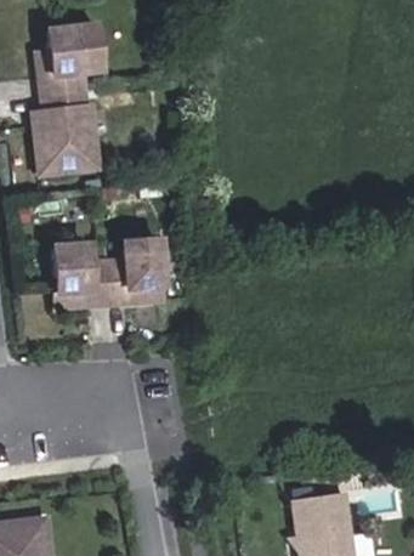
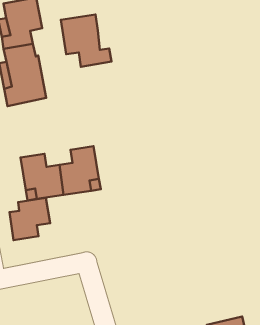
building: none -> [61,14,112,67]
building: none -> [9,198,50,240]

